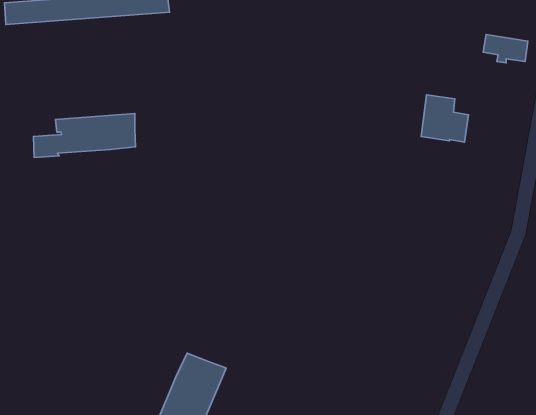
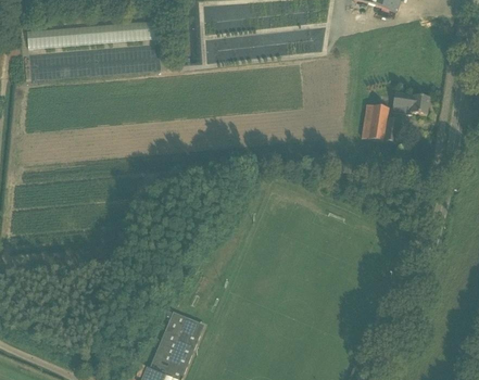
building: [483,34,528,63] -> [393,91,429,114]
building: [34,113,136,157] -> none

